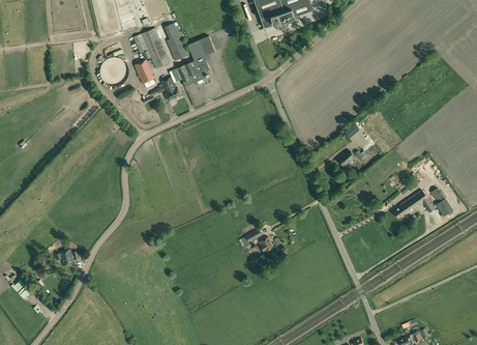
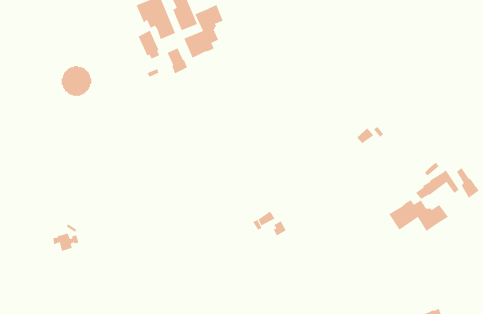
building: [100,57,129,86] -> [61,65,92,96]
building: none -> [389,199,449,232]

